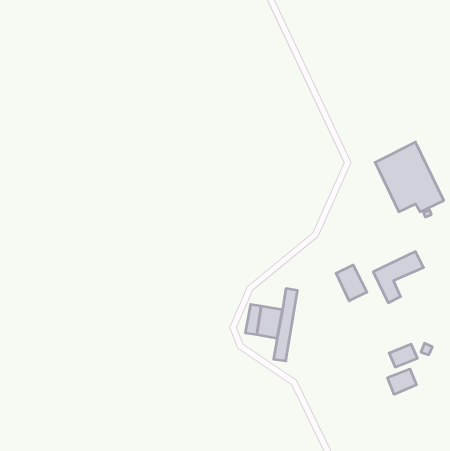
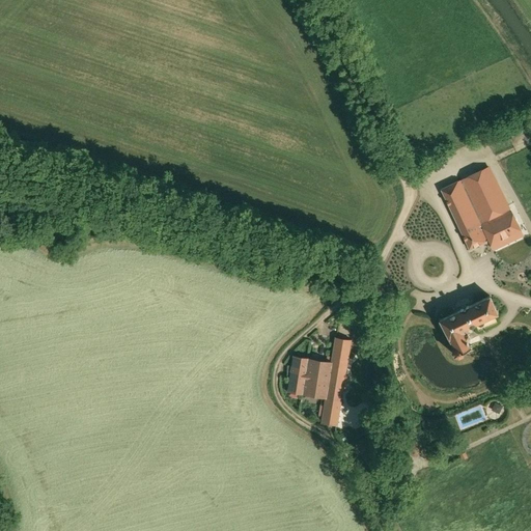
building: [336,265,367,301] -> none
building: [388,369,416,394] -> none

